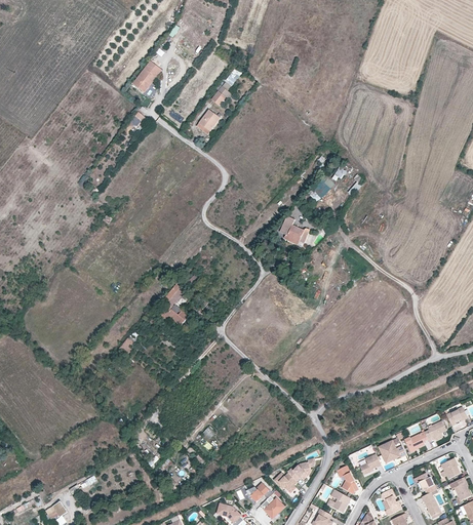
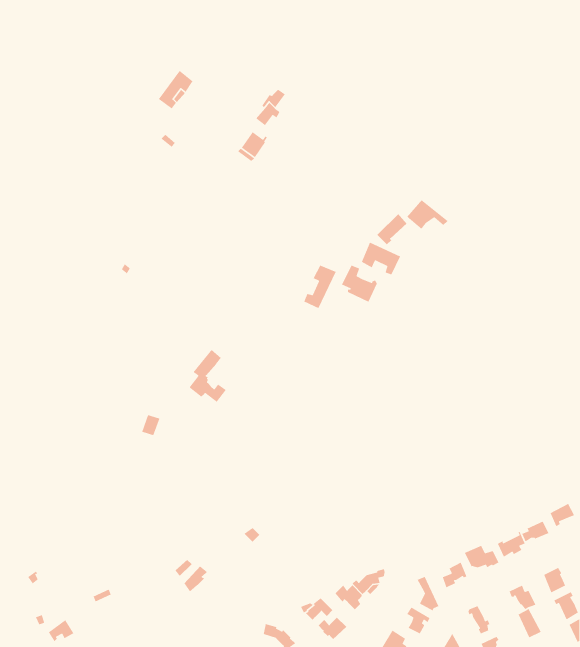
building: none -> [361,241,401,276]
building: none -> [303,265,337,309]

